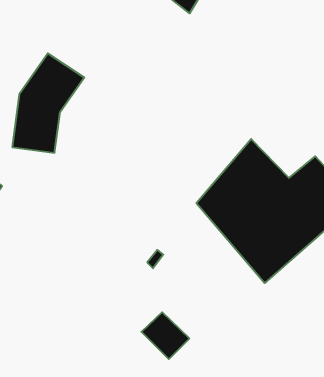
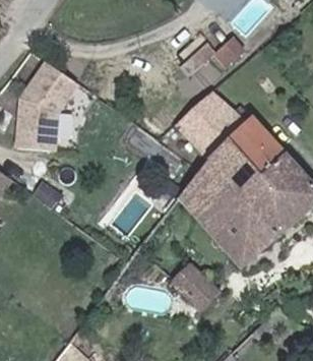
building: none -> [176,92,286,169]
building: [141,312,189,359] -> [178,266,221,308]

